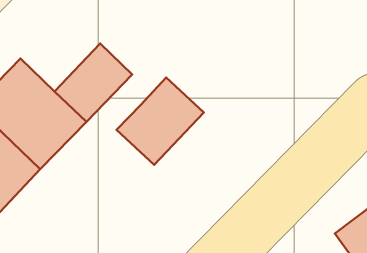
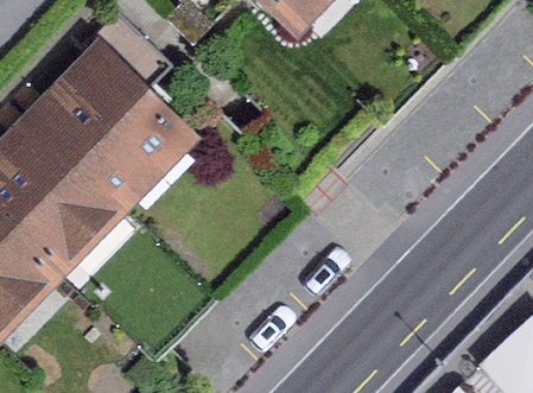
building: none -> [33,49,145,161]
building: [117,78,204,165] -> none

